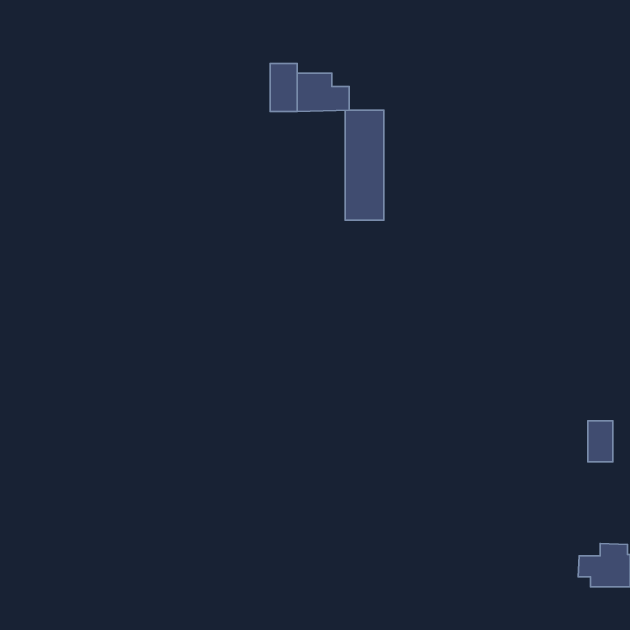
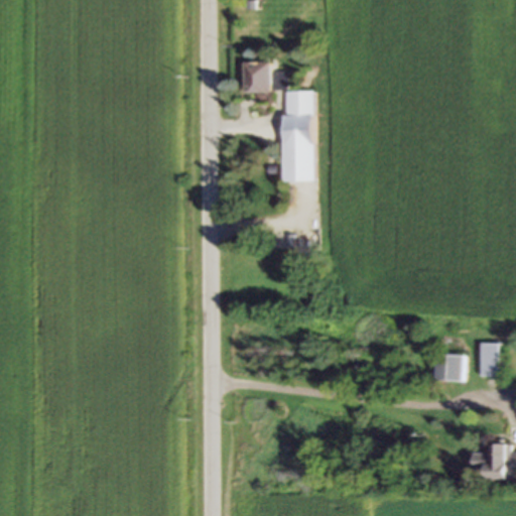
building: [270,63,297,112] -> none
building: none -> [434,355,463,380]

